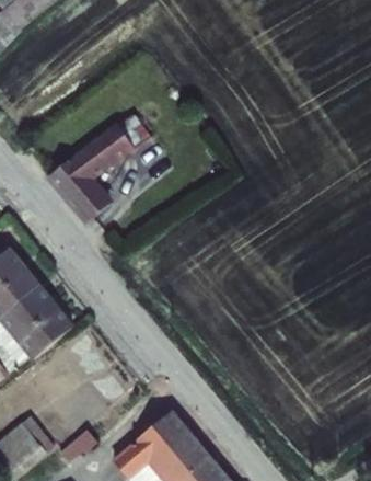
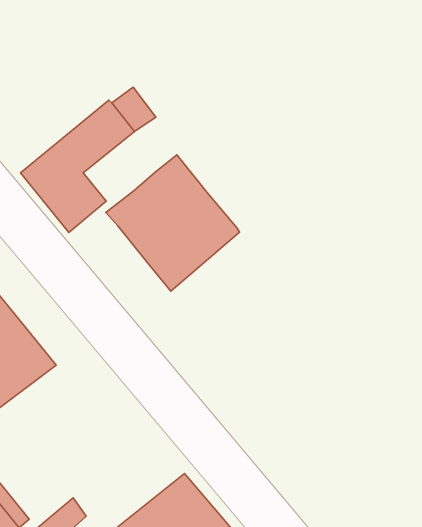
building: none -> [106,155,239,291]

